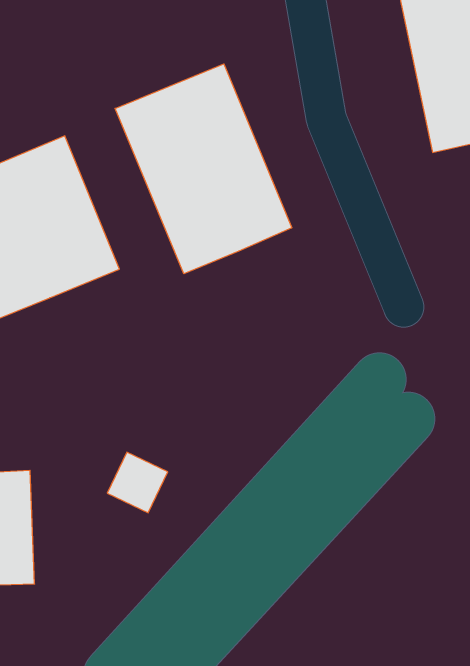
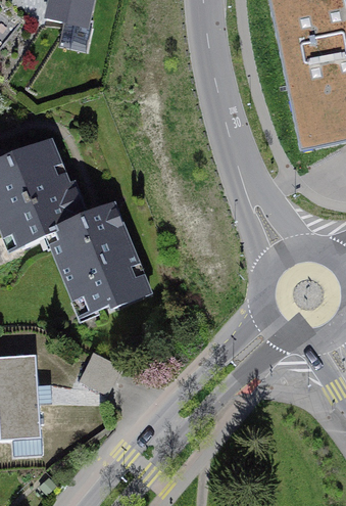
building: [115,64,292,274] -> none
building: none -> [44,213,153,325]

